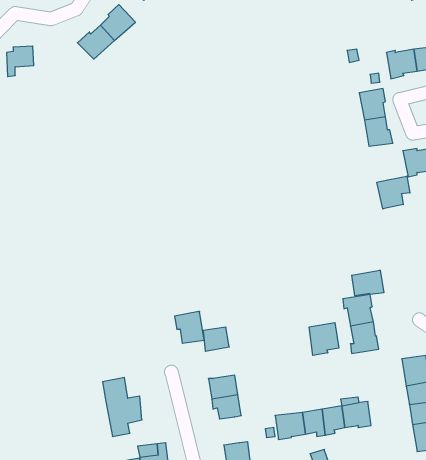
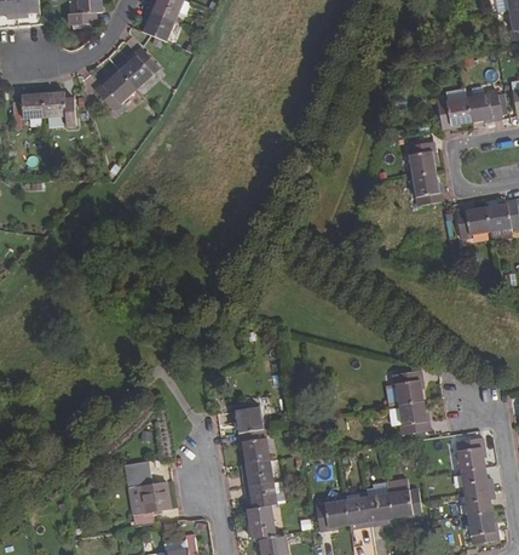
building: none -> [46,92,77,124]
building: [377,176,410,209] -> none
building: [352,270,384,296] -> none
building: [175,312,204,343] -> [237,428,270,463]
building: [309,323,339,355] -> none
building: none -> [246,505,275,538]

